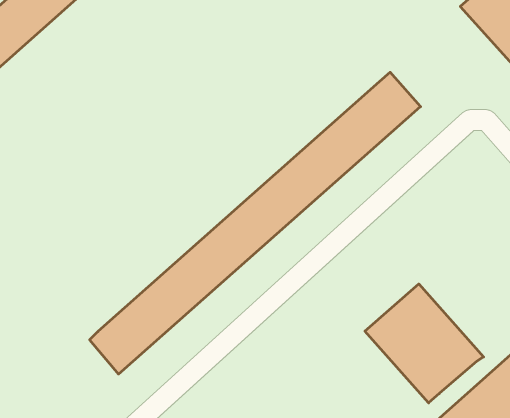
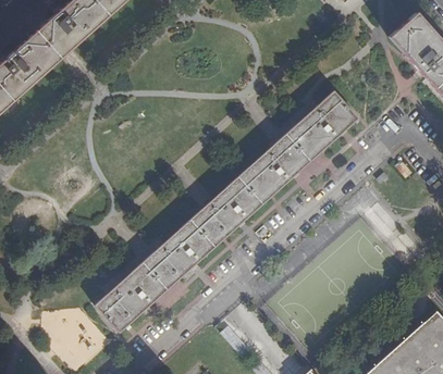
building: [365,284,484,403] -> none

